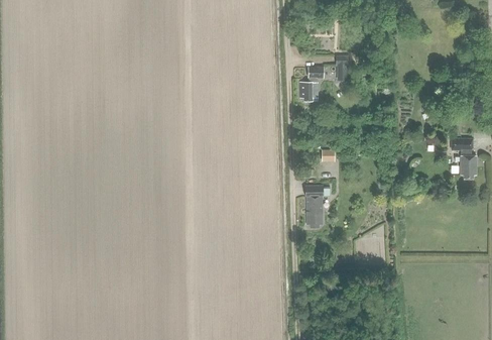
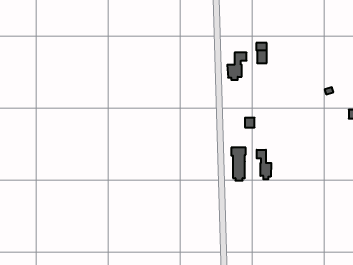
building: none -> [257,150,271,179]

